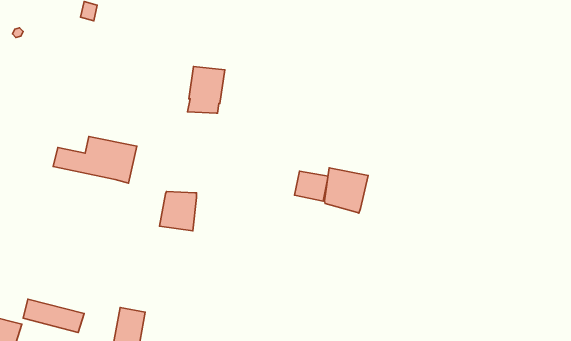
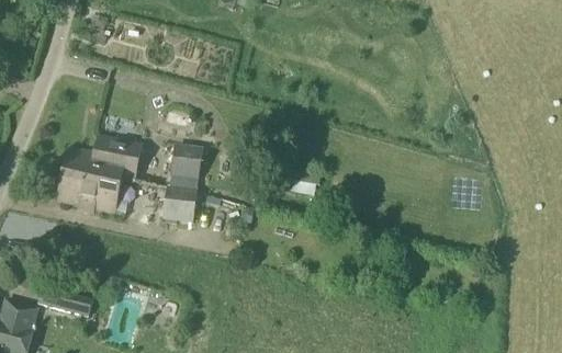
building: [188,66,225,113] -> [169,145,203,187]
building: none -> [57,163,122,212]
building: [325,168,368,213] -> none

